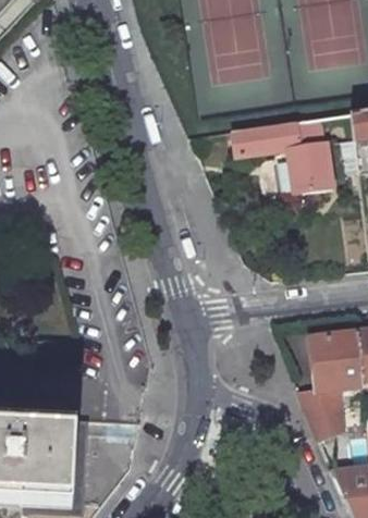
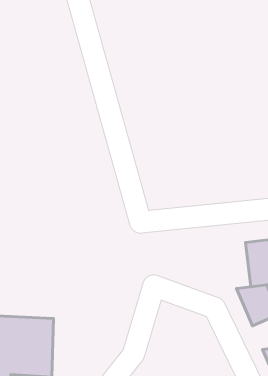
building: [233,120,333,190] -> none

